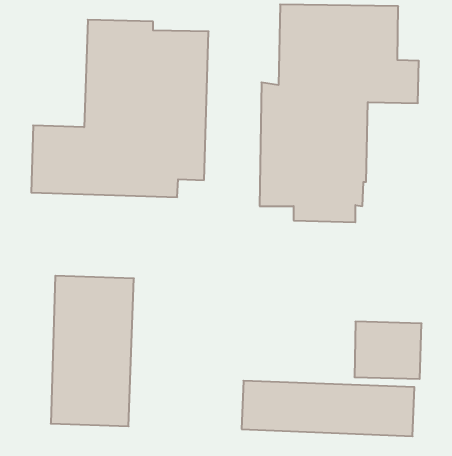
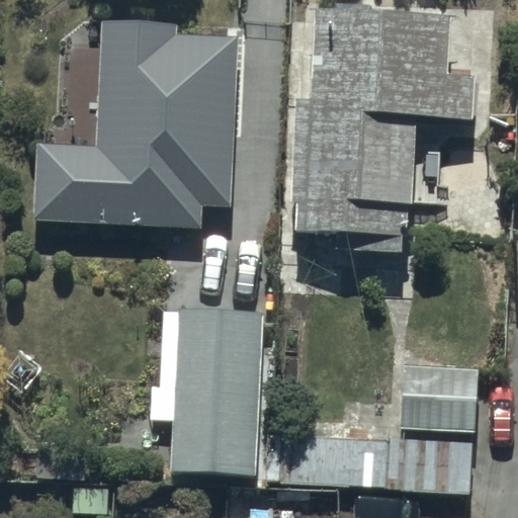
building: [51,276,134,426] -> [167,306,261,476]

